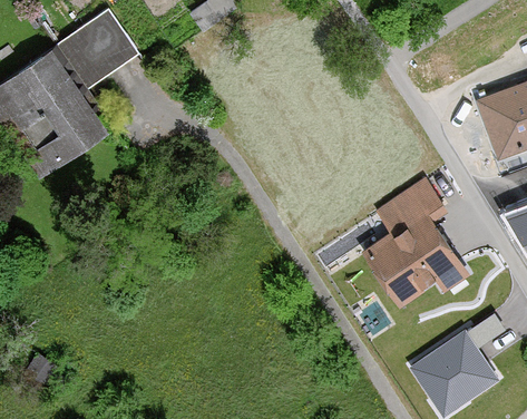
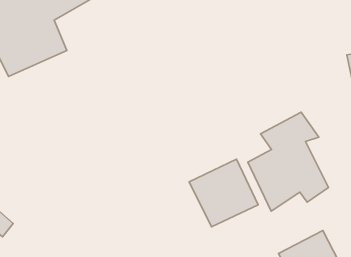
building: none -> [189,159,258,227]

